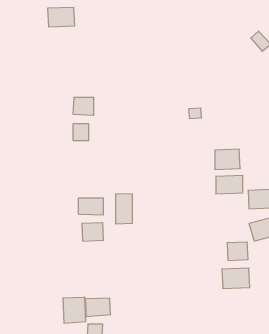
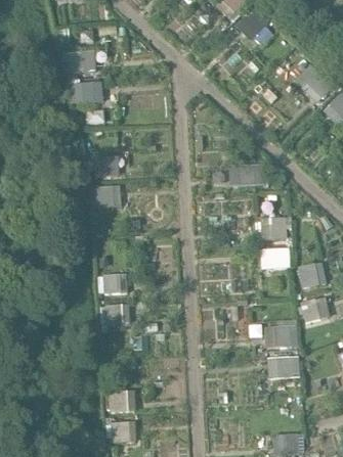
building: none -> [75,82,101,104]
building: [116,194,132,224] -> none
building: [63,297,86,323] -> none

